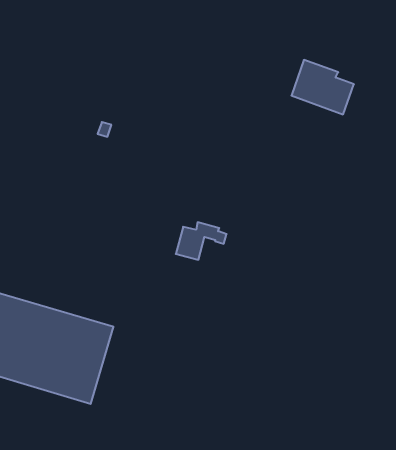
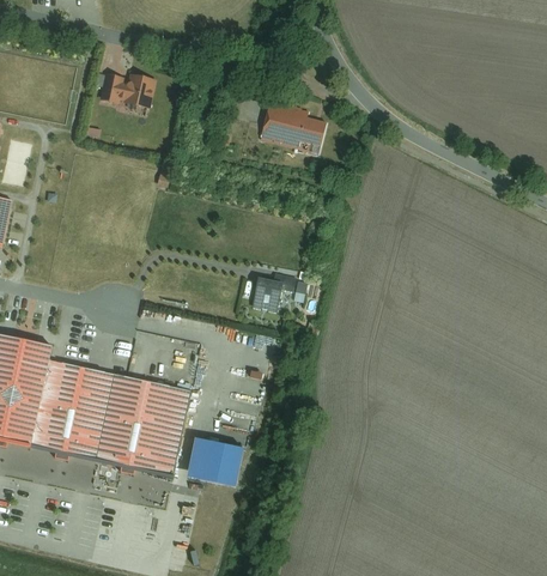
building: none -> [108,72,156,108]
building: [291,60,354,114] -> [260,98,327,154]

